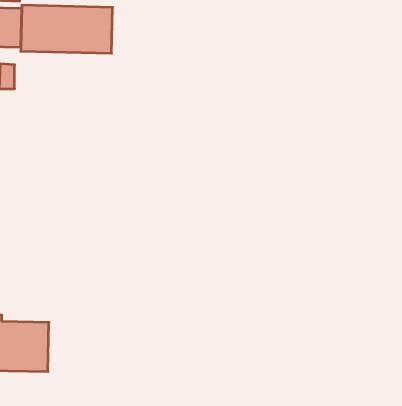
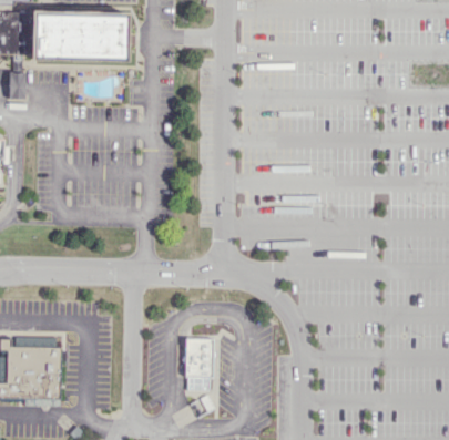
building: none -> [184,337,213,388]

